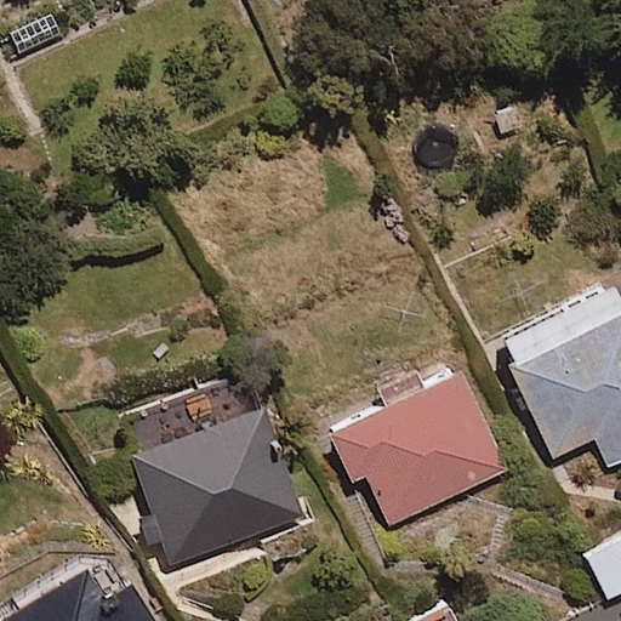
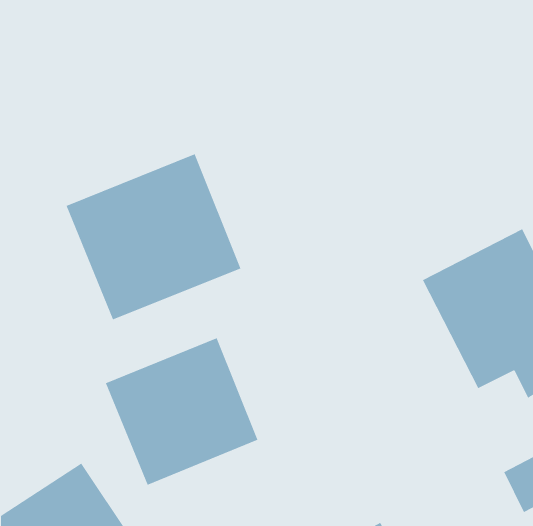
building: none -> [66,153,241,321]
building: [327,359,513,540] -> none

